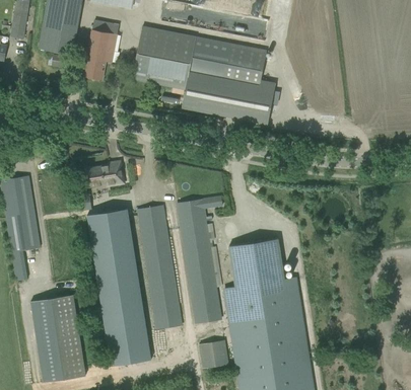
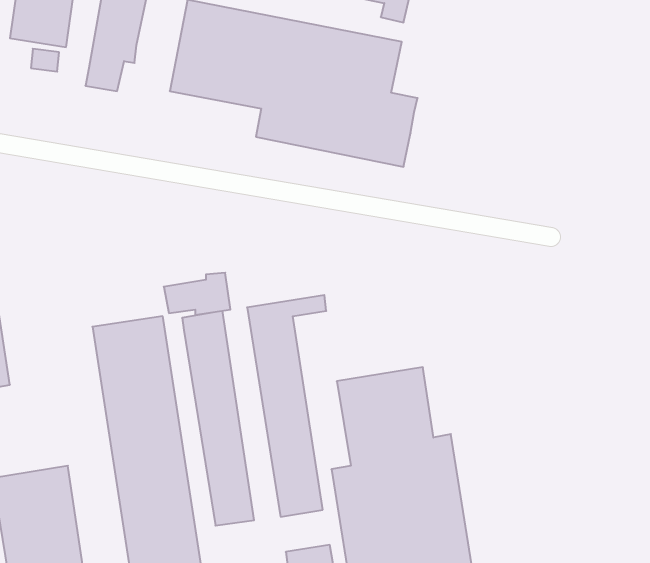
building: [85,162,124,186] -> [164,273,230,315]

